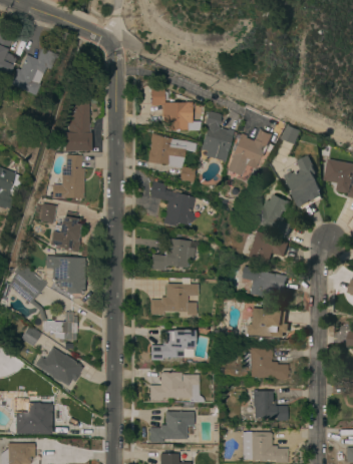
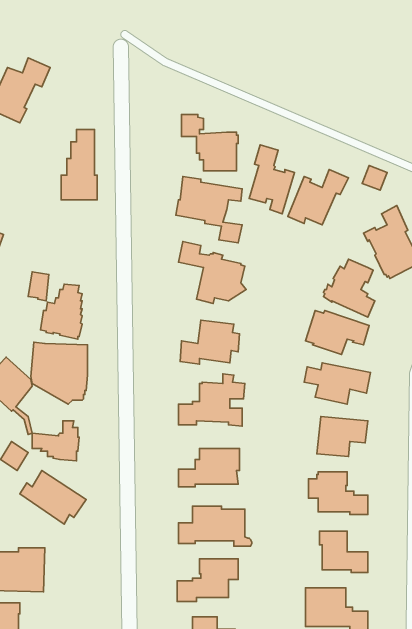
building: [52,154,84,197] -> none

